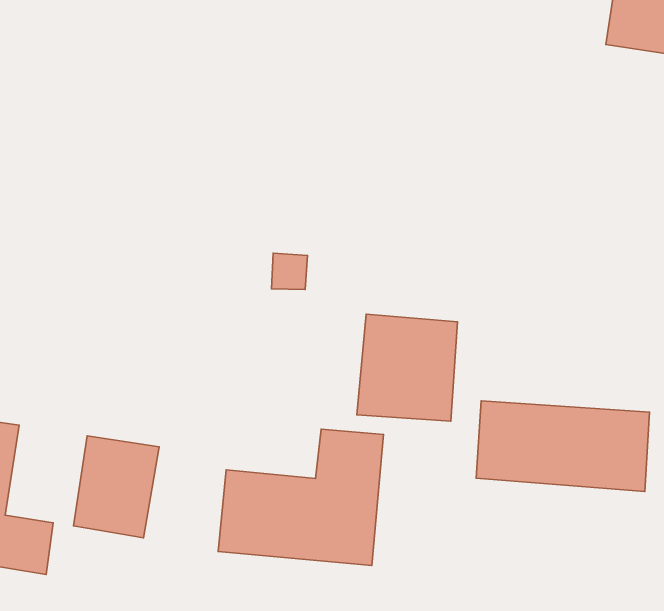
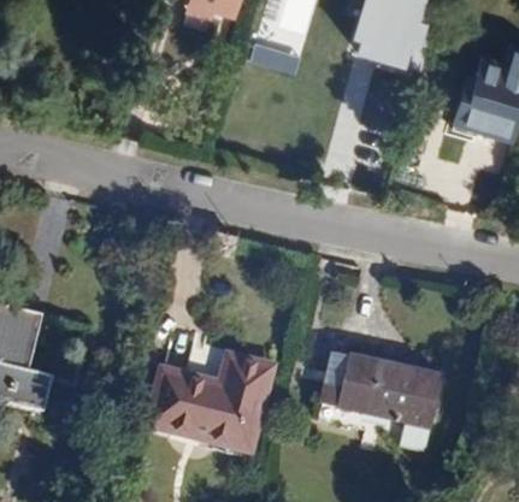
building: [357,314,457,421] -> none
building: [73,436,159,538] -> none

